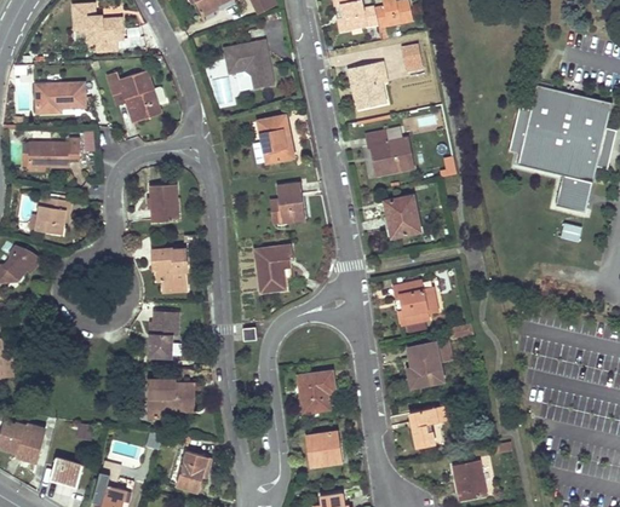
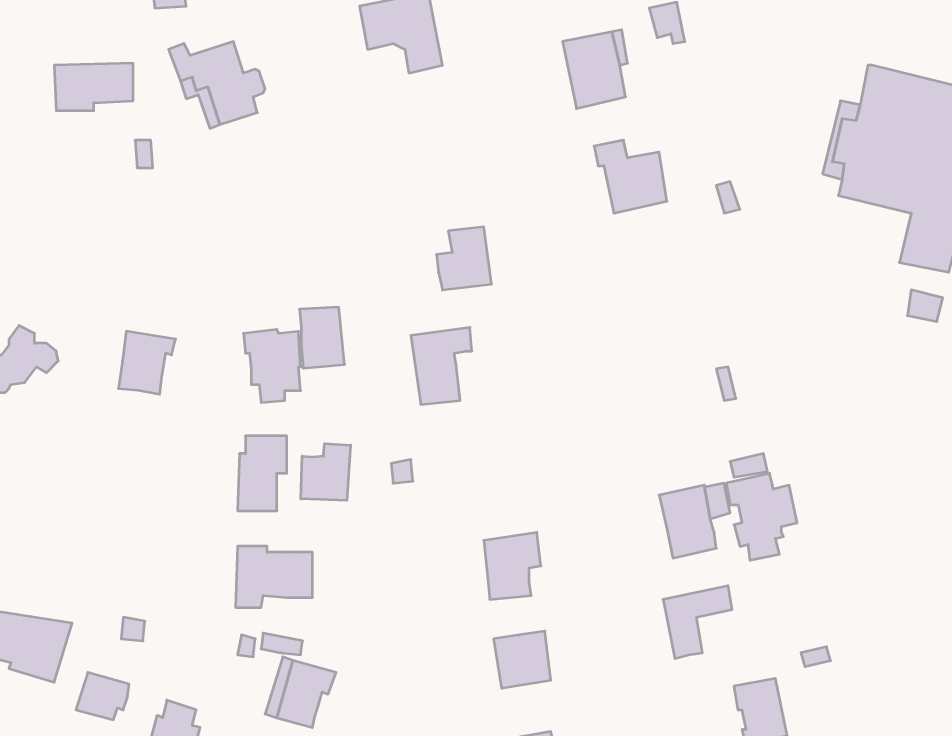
building: [253,116,293,163] -> none
building: [21,138,79,167] -> none
building: [149,185,177,223] -> [299,307,345,368]
building: [35,196,70,235] -> [118,331,176,394]
building: [384,196,420,238] -> none
building: [394,281,437,334] -> [726,473,797,560]
building: none -> [301,444,351,500]

